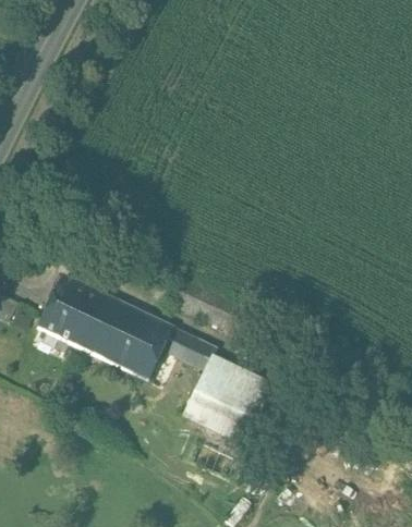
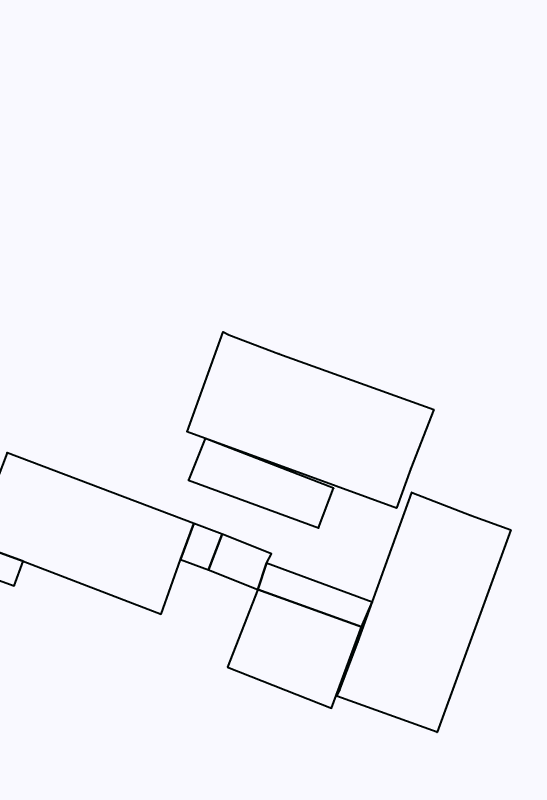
building: none -> [187,332,434,508]
building: none -> [337,492,511,732]

